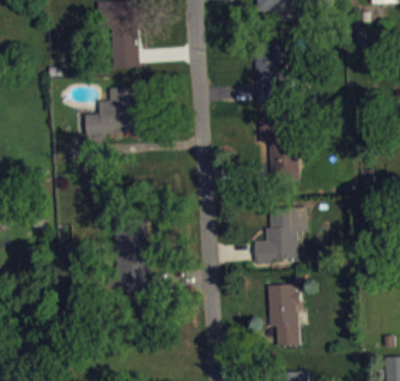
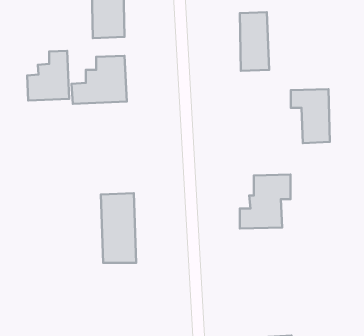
building: none -> [27,51,69,100]
building: [259,126,298,181] -> [291,89,330,143]
building: [268,286,298,349] -> none

